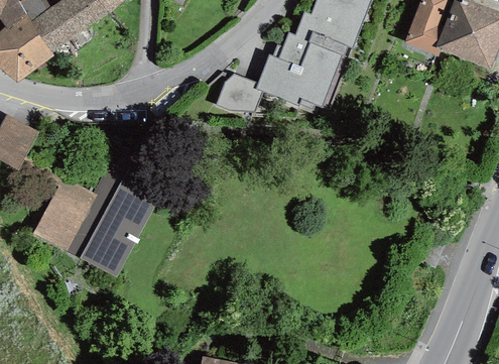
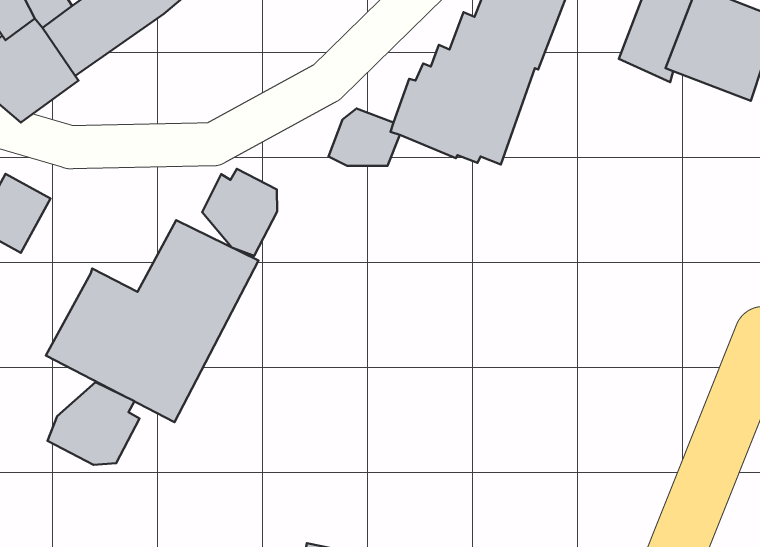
building: none -> [202,169,277,256]
building: none -> [48,382,139,465]

